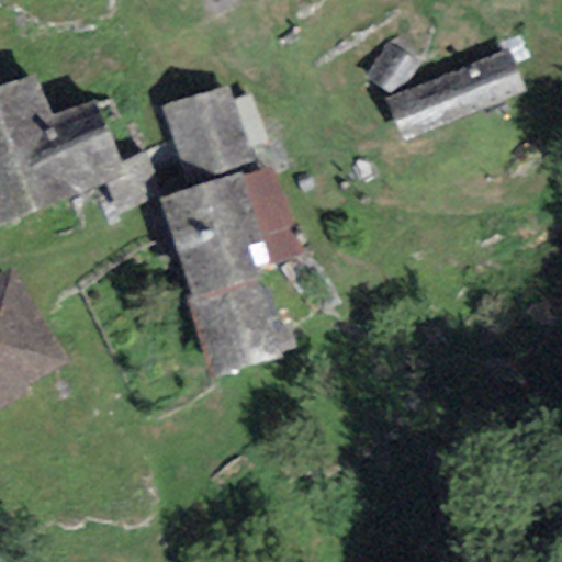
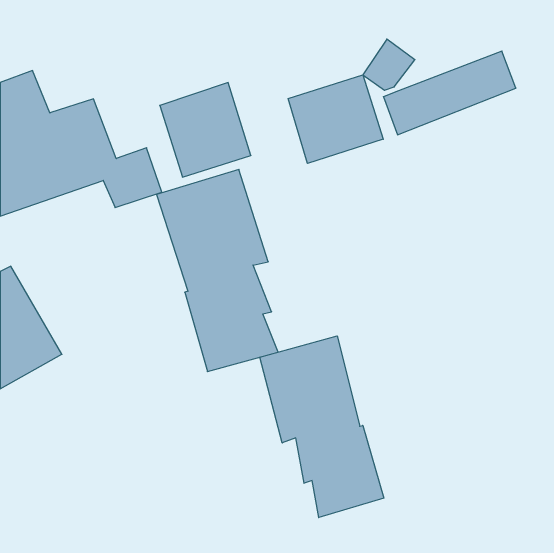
building: none -> [288,75,383,163]
building: none -> [260,336,384,518]

